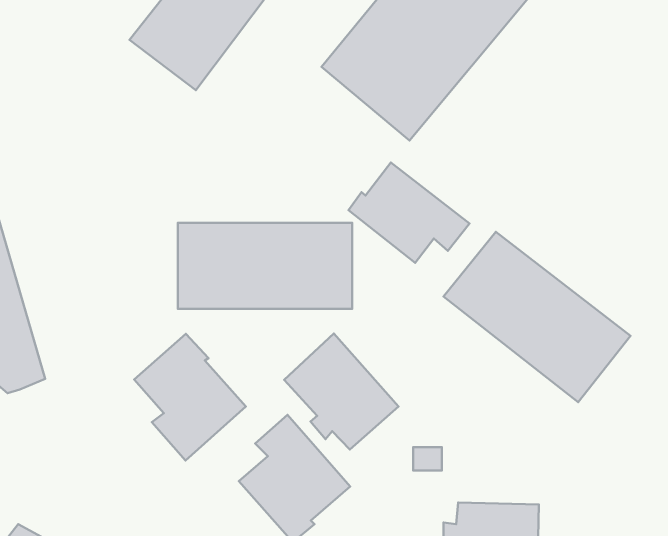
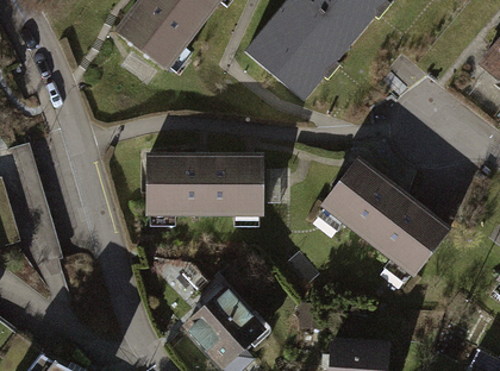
building: [348,162,469,263] -> none
building: [284,333,398,449] -> none
building: [134,334,246,460] -> none

